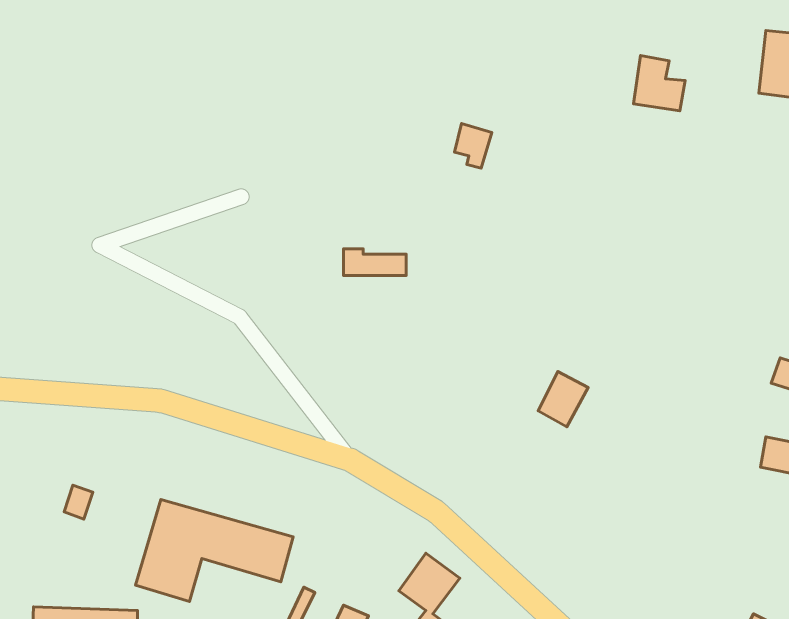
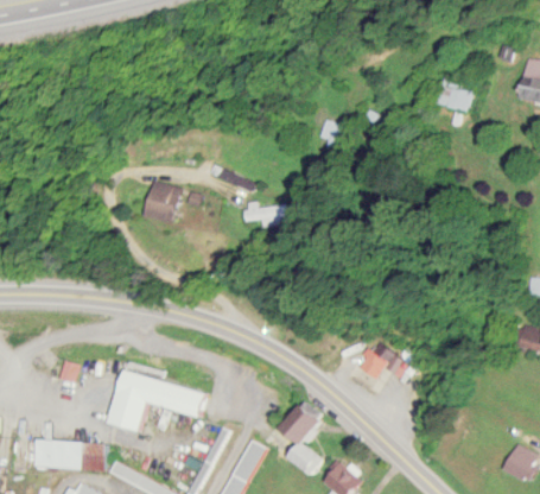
building: none -> [146,180,183,221]
building: [538,371,588,427] -> [357,341,390,378]

